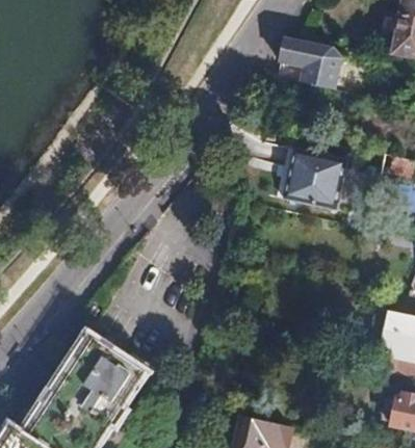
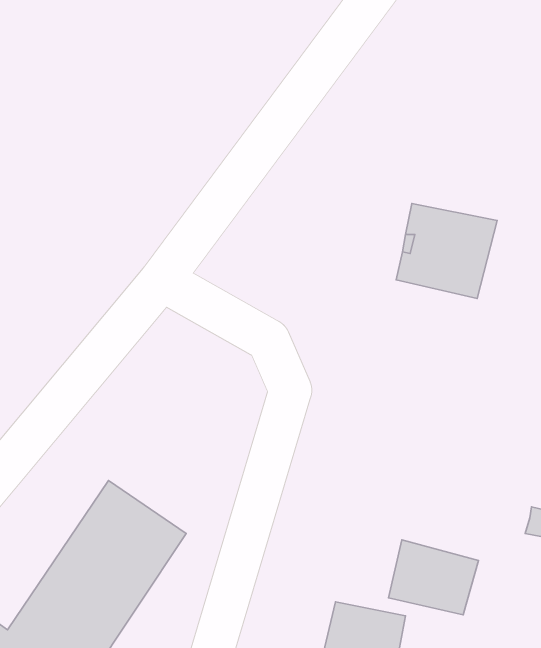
building: [279,36,338,88] -> none
building: none -> [388,540,478,615]

